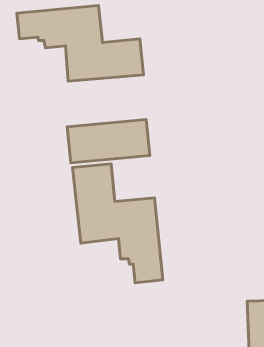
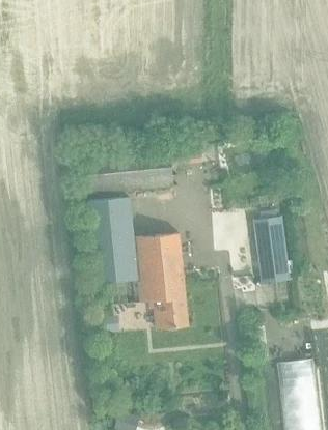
building: [17,6,144,81] -> none
building: none -> [253,217,288,284]

